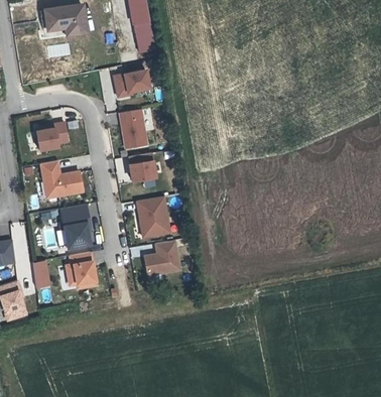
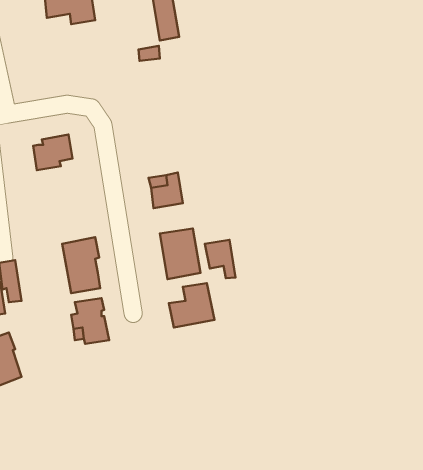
building: [115,70,151,97] -> none
building: [120,109,149,148] -> none
building: [40,160,83,197] -> none
building: none -> [205,240,236,278]
building: [32,261,50,288] -> none

